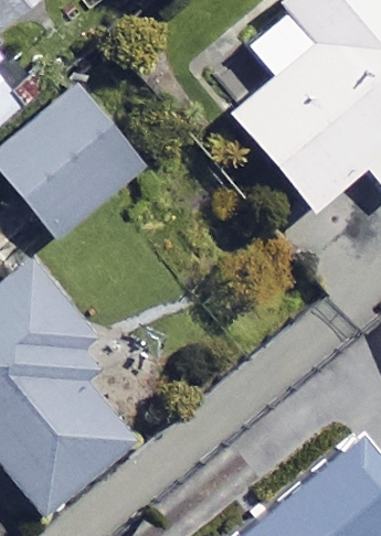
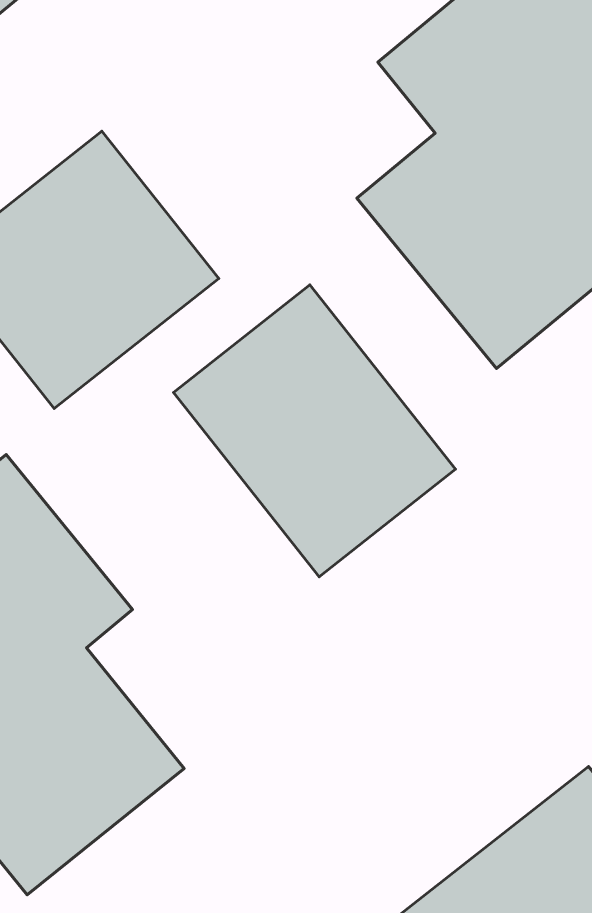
building: none -> [174,285,455,577]

